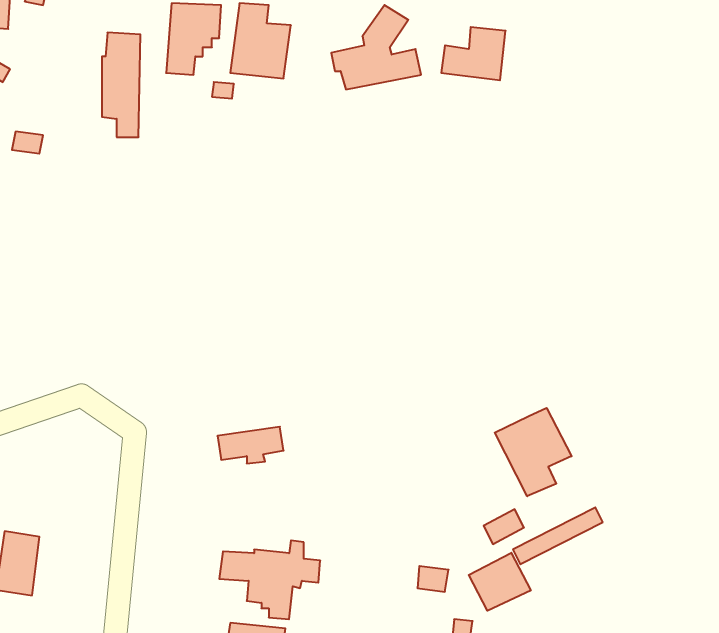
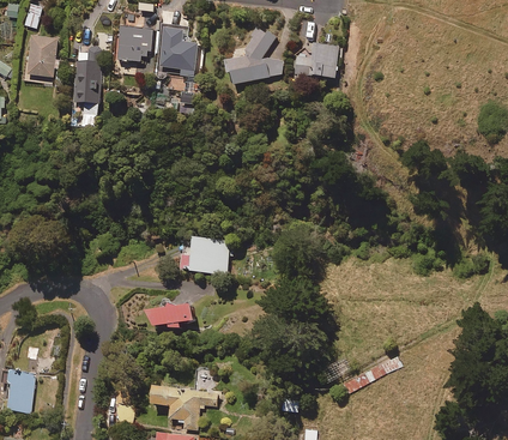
building: none -> [22,35,56,82]
building: none -> [181,235,230,275]
building: [495,408,572,496] -> none
building: [469,553,531,611] -> none

